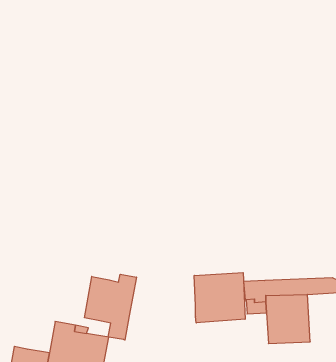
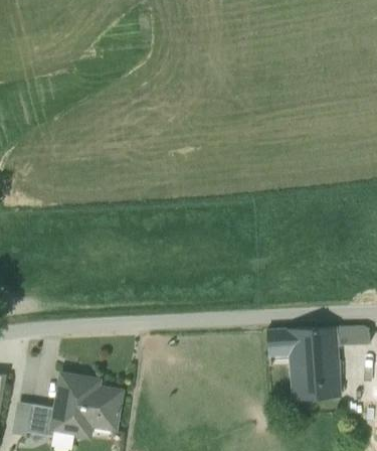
building: [194,273,245,323] -> none
building: [85,274,136,340] -> none

